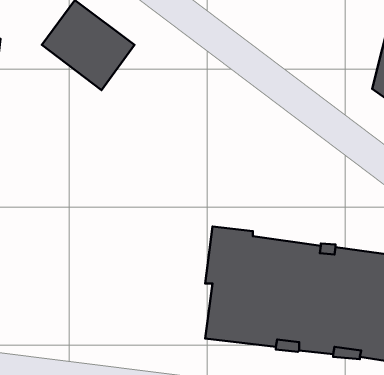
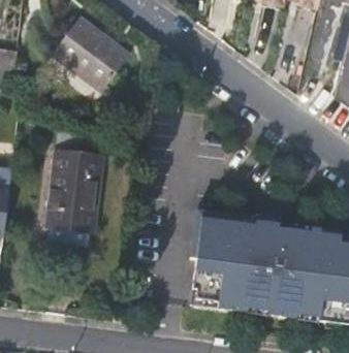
building: none -> [44,130,104,248]

